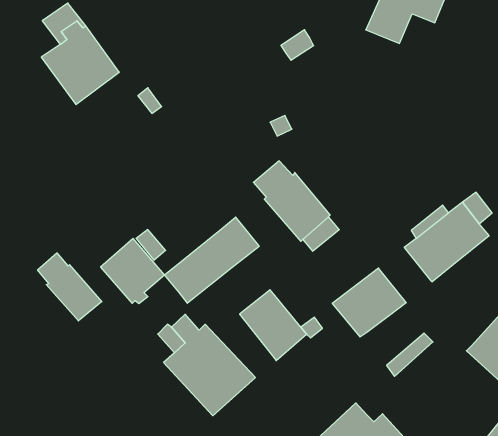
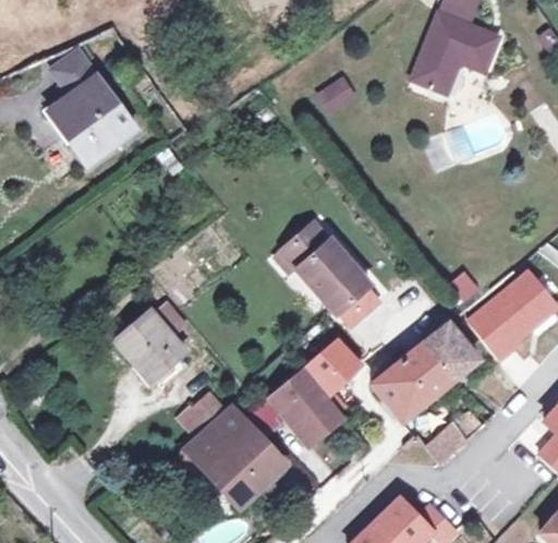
building: [165,217,259,303] -> none
building: none -> [423,326,476,383]
building: [38,253,102,321] -> none
building: none -> [303,340,360,398]

